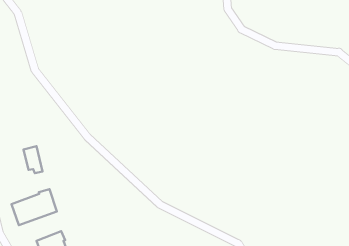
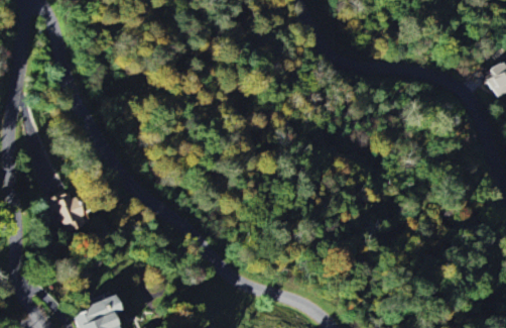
building: [11,189,57,225] -> none

